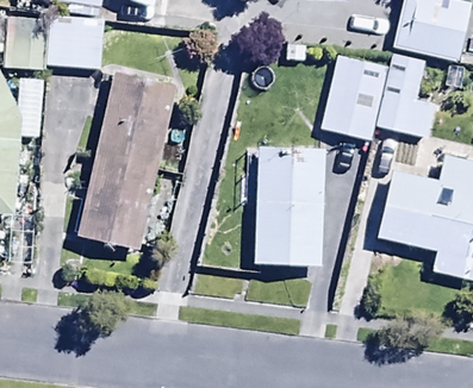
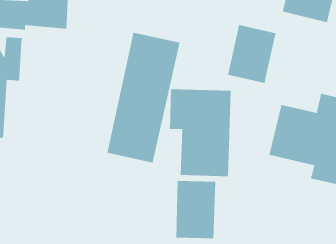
building: [374,49,446,137] -> none
building: [77,71,178,250] -> [107,32,180,164]
building: none -> [175,180,216,239]

